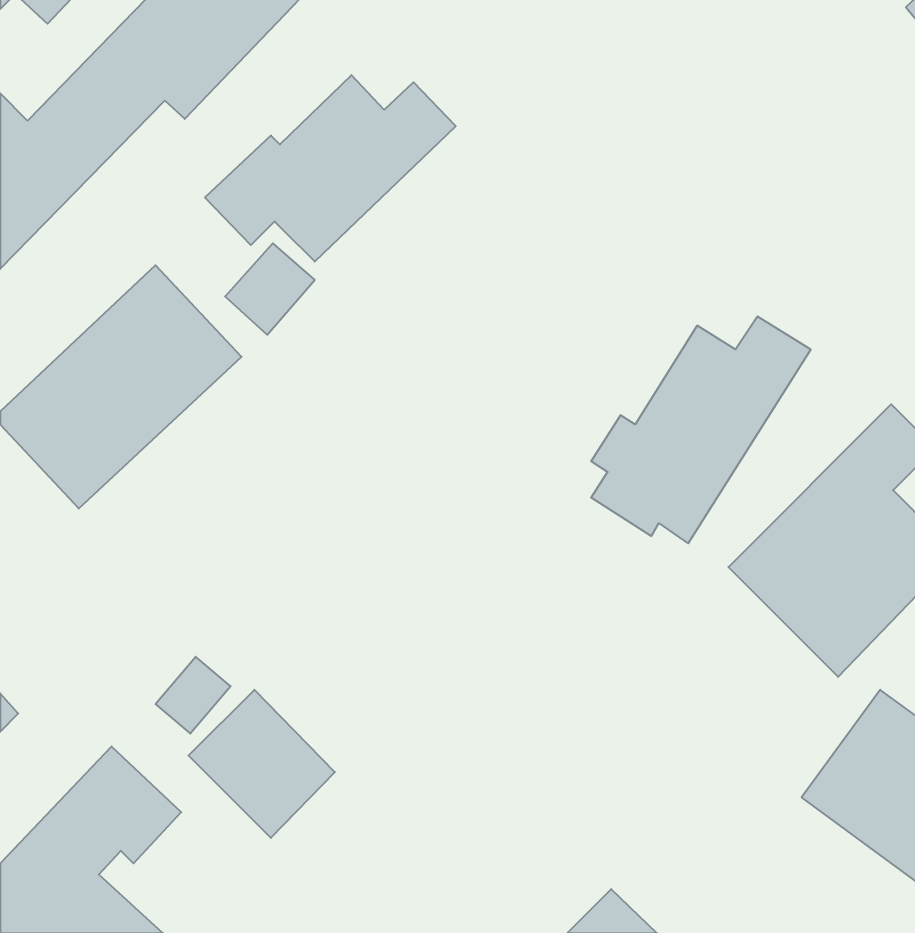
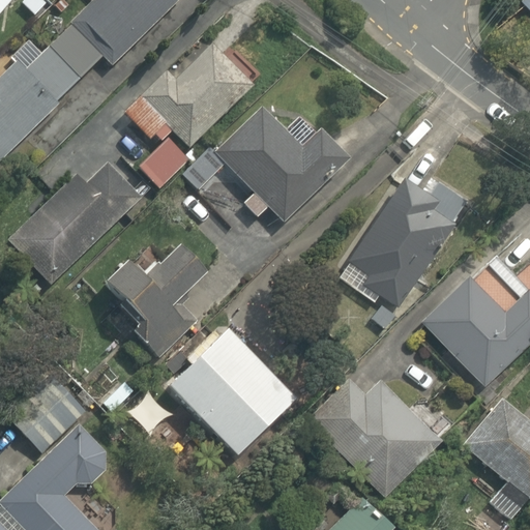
building: none -> [185,100,346,226]
building: none -> [102,243,204,354]
building: none -> [163,322,297,457]
building: none -> [308,379,442,499]

